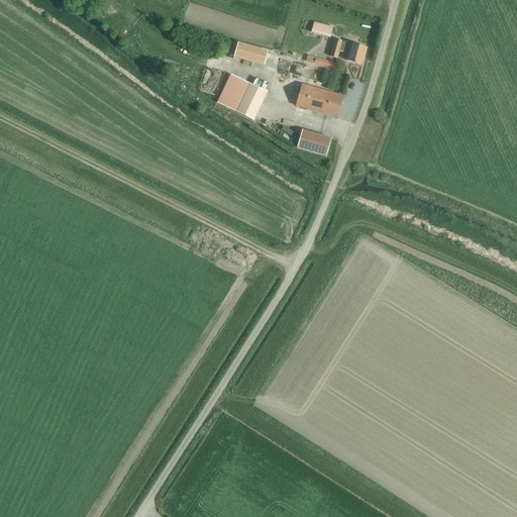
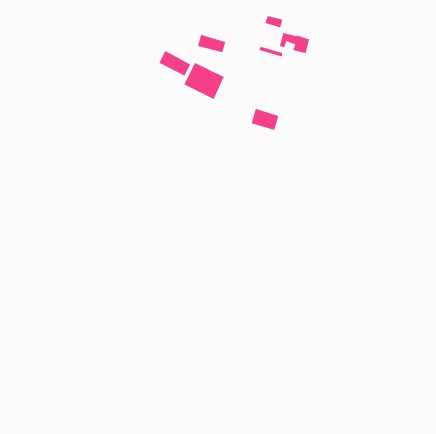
building: none -> [158,50,191,77]
building: [296,83,343,116] -> none

